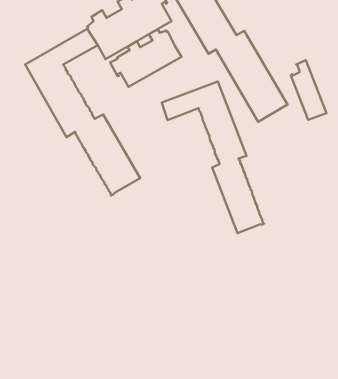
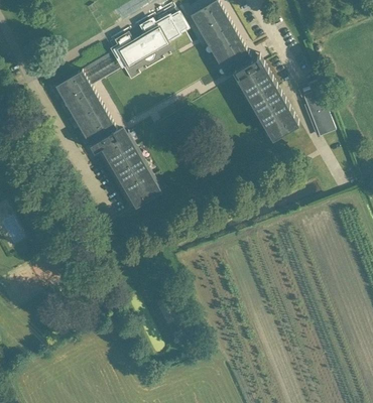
building: [110,29,181,87] -> none
building: [162,81,264,233] -> none

